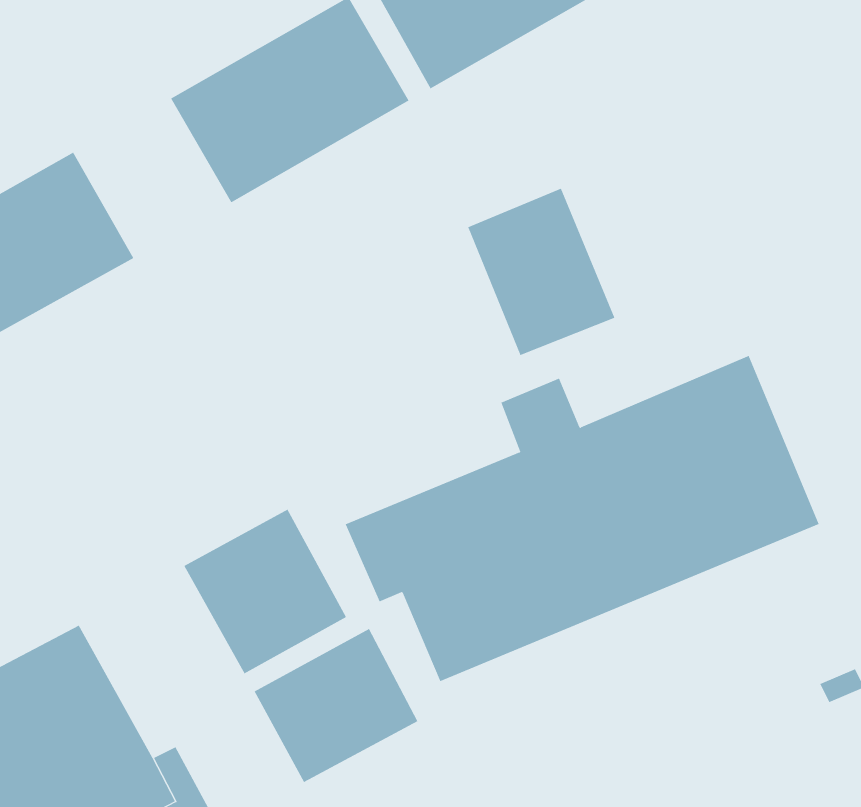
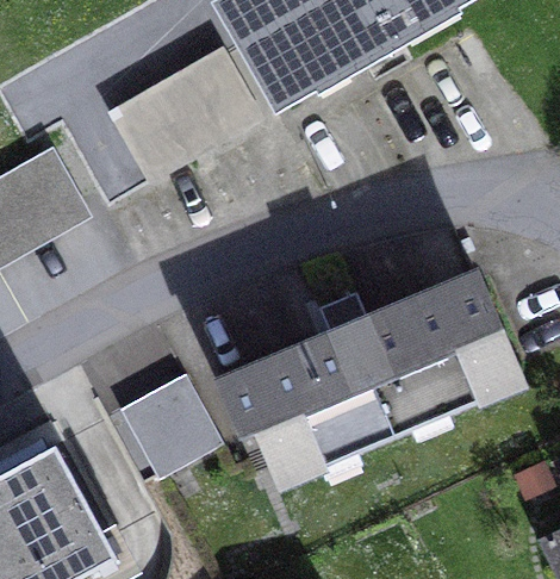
building: [467,188,615,356] -> none
building: [254,628,418,783] -> none

